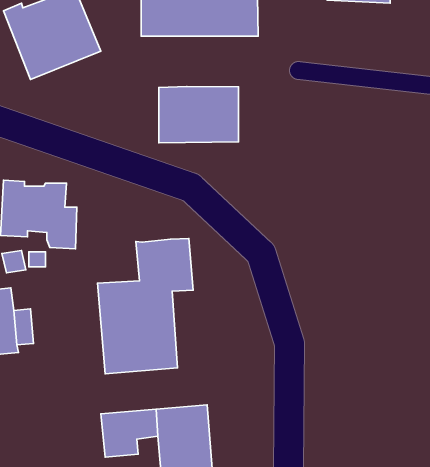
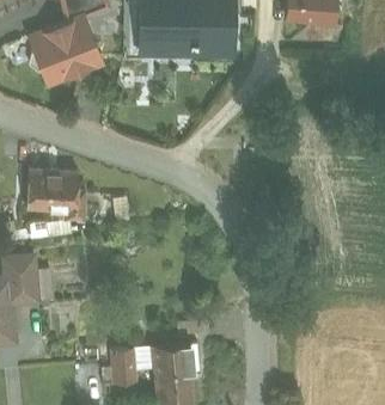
building: [159,87,238,143] -> none
building: [98,238,193,374] -> none

